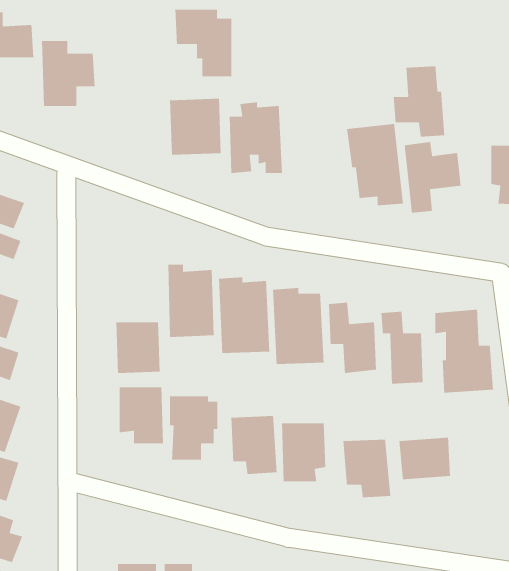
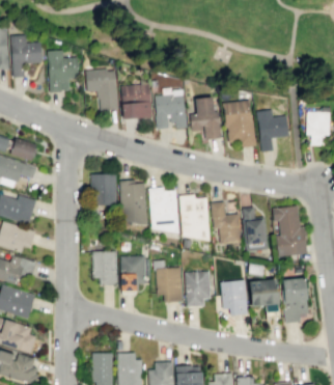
building: [174,9,232,77] -> [85,70,118,109]
building: [393,65,445,138] -> [191,98,221,139]
building: [116,322,161,374] -> [91,174,117,204]
building: none -> [284,278,311,323]

